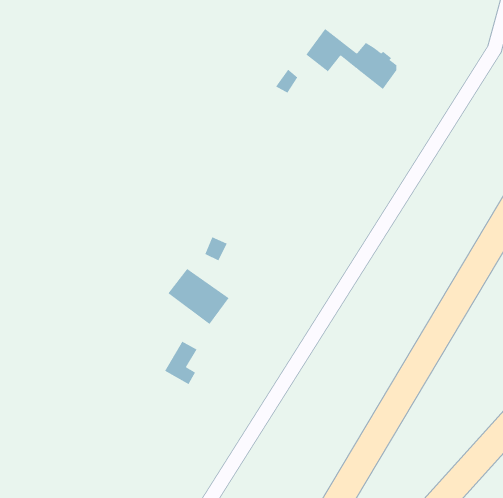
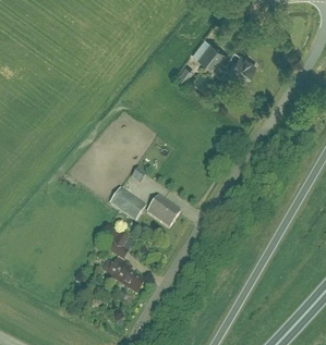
building: none -> [145,195,179,226]
building: none -> [102,258,143,292]

